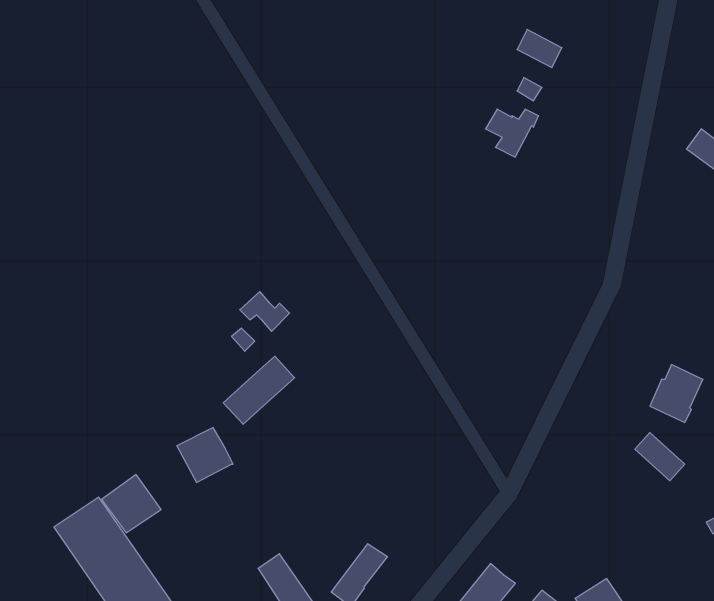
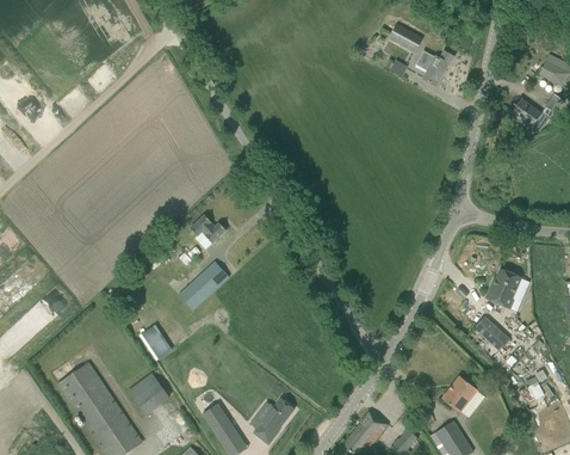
building: [485,109,539,157] -> [415,50,453,85]
building: [101,475,161,533] -> [128,371,171,413]
building: none -> [441,375,477,412]

